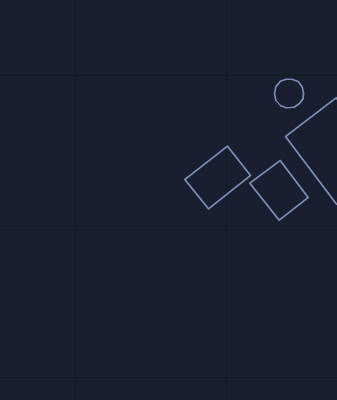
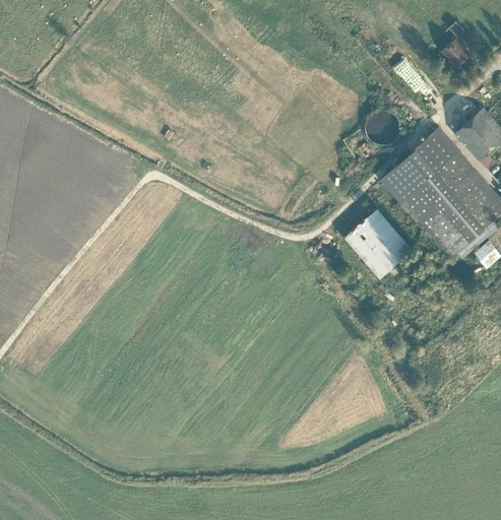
building: [185,146,251,209] -> none

